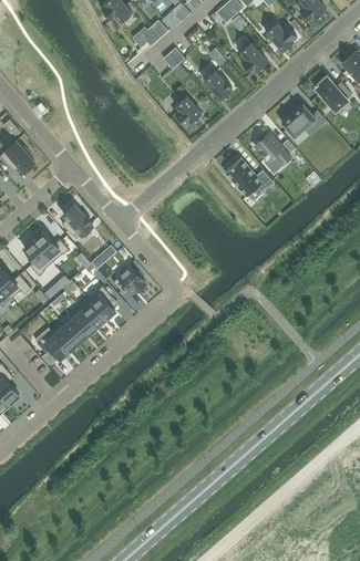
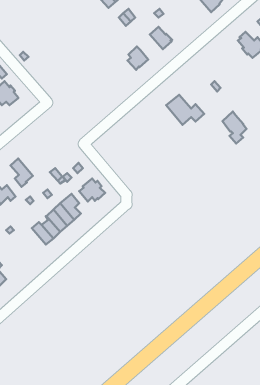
building: [240,42,268,74] -> none
building: [281,104,327,137] -> none
building: [256,133,287,174] -> [222,112,247,144]
building: [62,205,93,236] -> none
building: [34,230,70,262] -> none
building: [37,330,70,360] -> none

